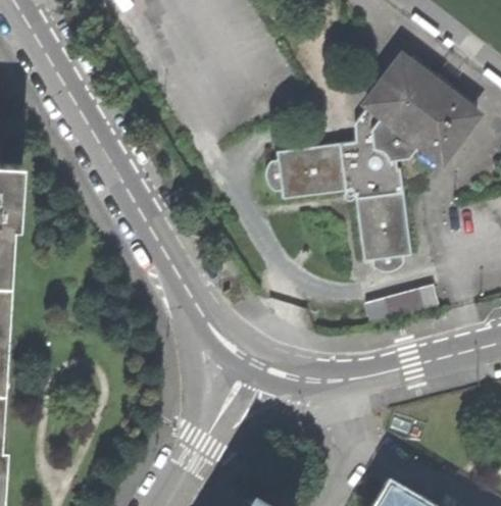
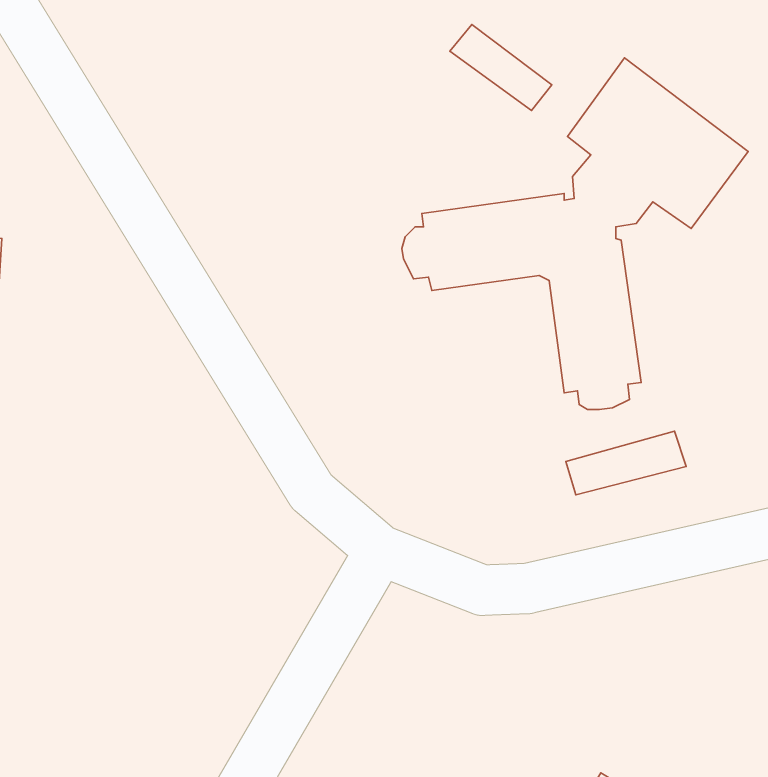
building: none -> [450,24,552,111]

